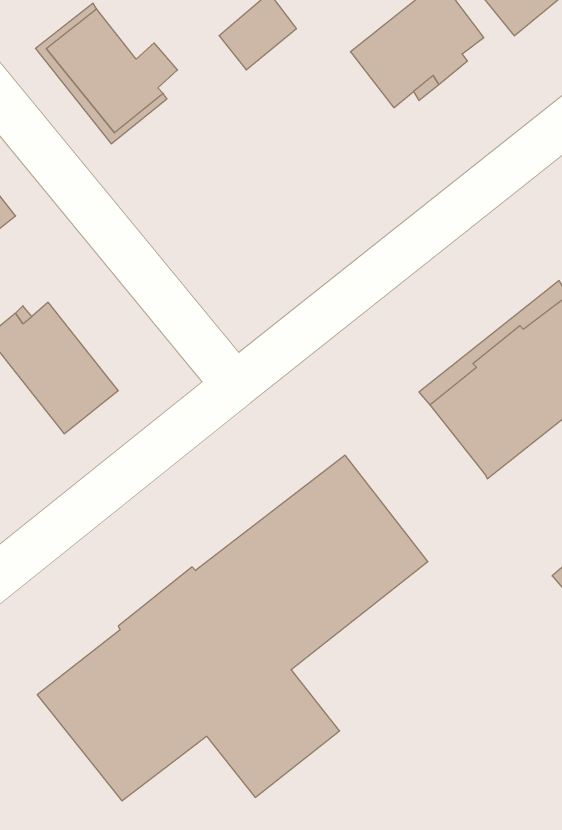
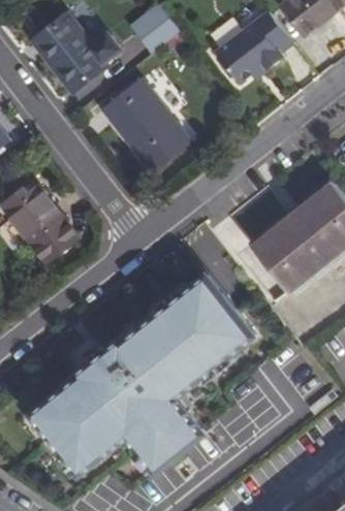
building: none -> [102,79,191,173]

